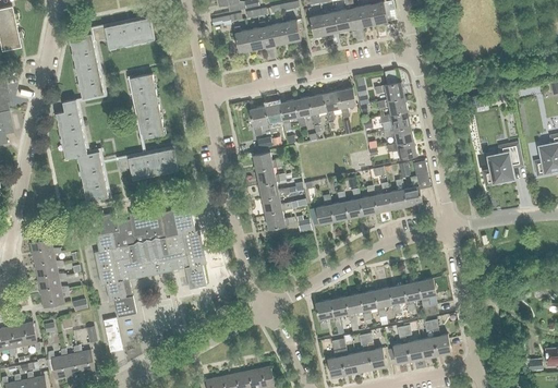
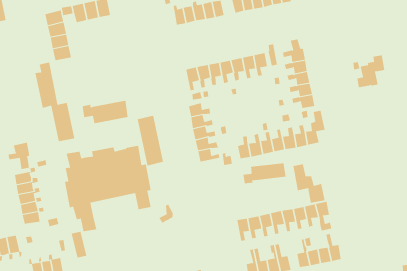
building: [130,73,165,138] -> [137,115,164,166]
building: [484,142,521,184] -> [356,55,385,88]
building: none -> [8,142,30,170]
building: none -> [243,162,286,184]
building: none -> [293,163,325,203]

